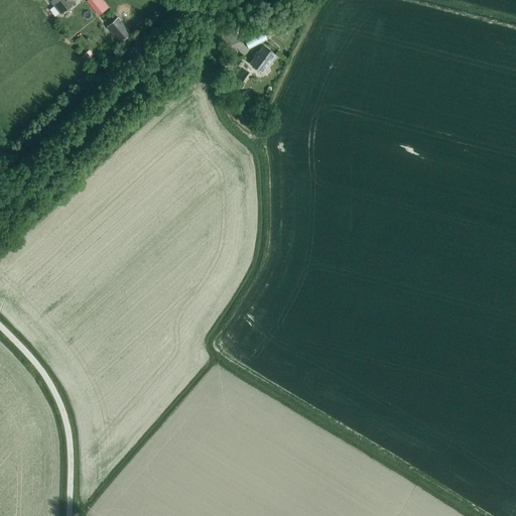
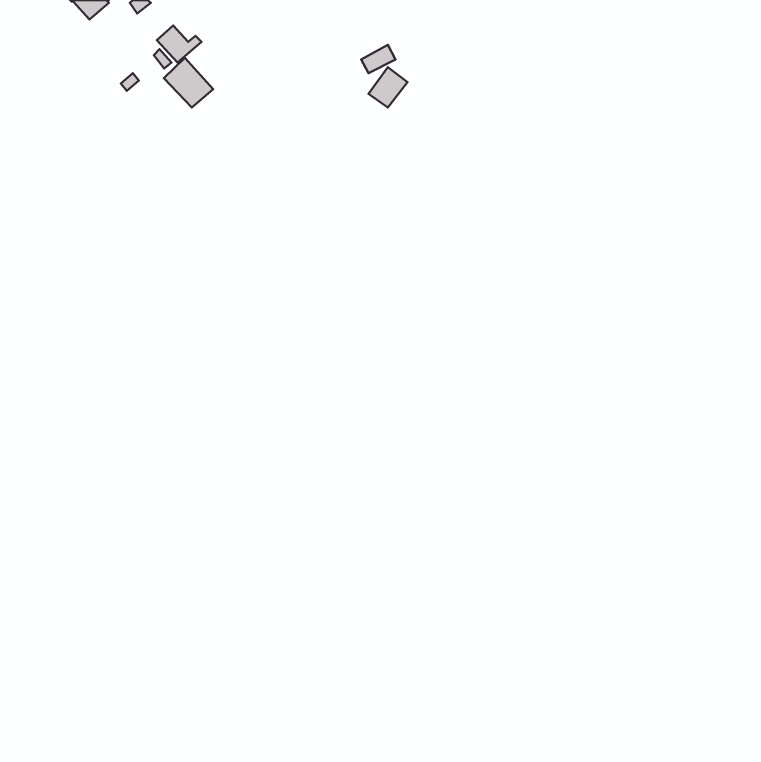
building: none -> [164,58,213,108]

